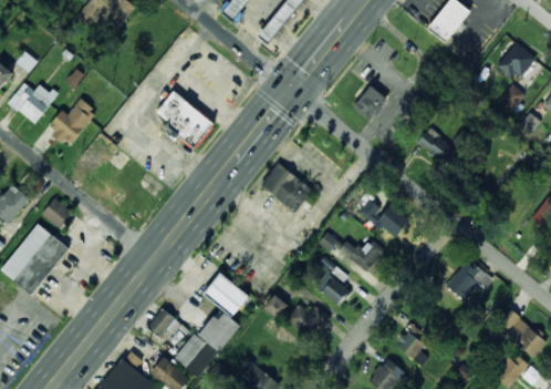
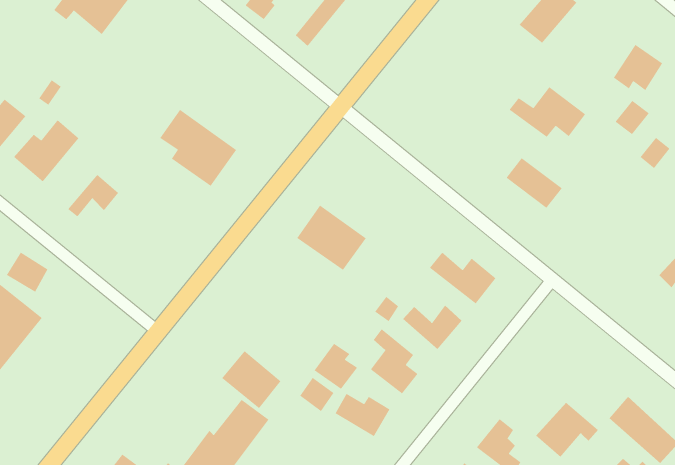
building: none -> [508,86,586,138]
building: [352,85,387,121] -> none
building: none -> [67,174,119,218]
building: [445,259,492,301] -> [535,402,599,458]
building: none -> [313,343,358,390]
building: [147,308,181,337] -> none

